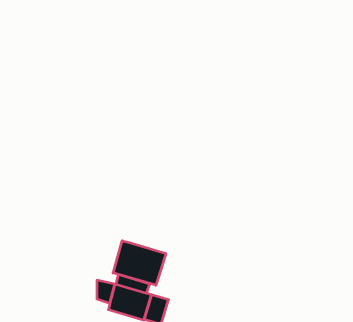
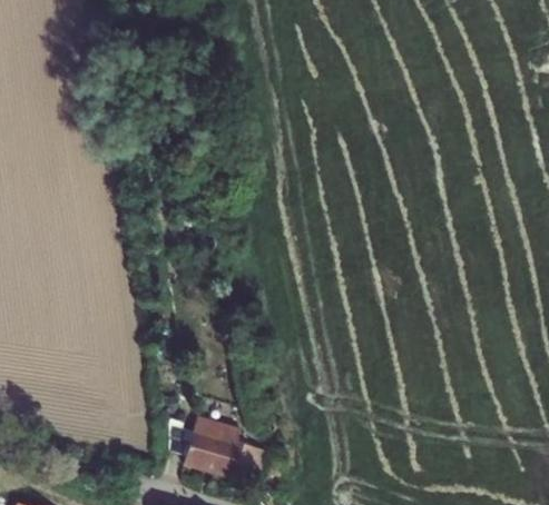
building: [113,241,166,285] -> none

